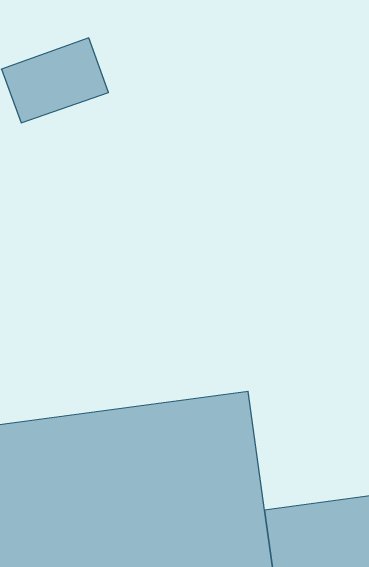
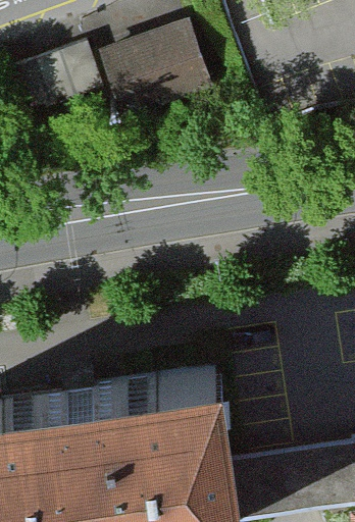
building: none -> [97,21,211,123]

